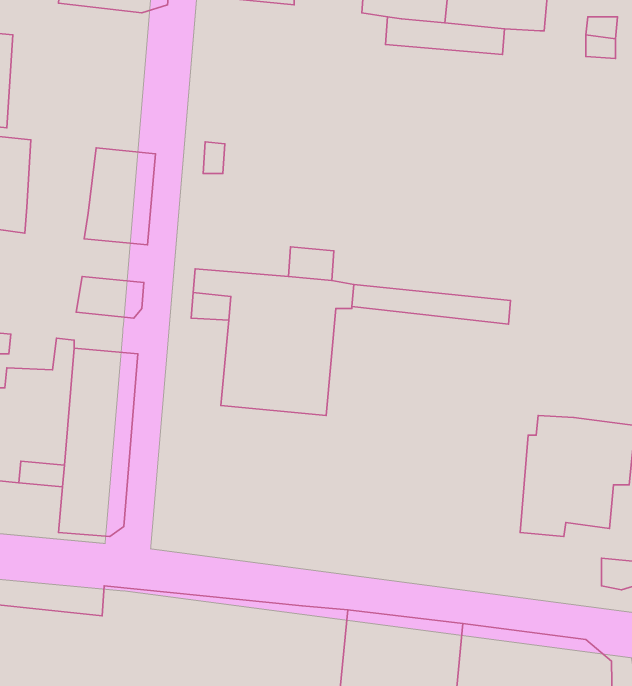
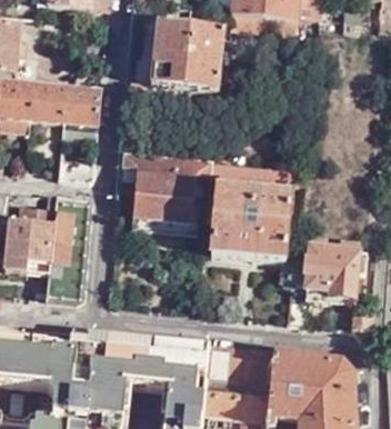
building: none -> [133,12,225,91]
building: none -> [29,80,68,121]
building: none -> [212,183,291,262]

